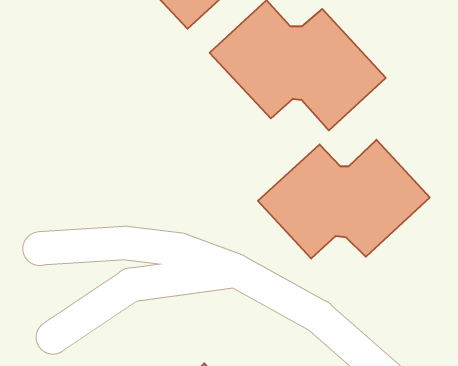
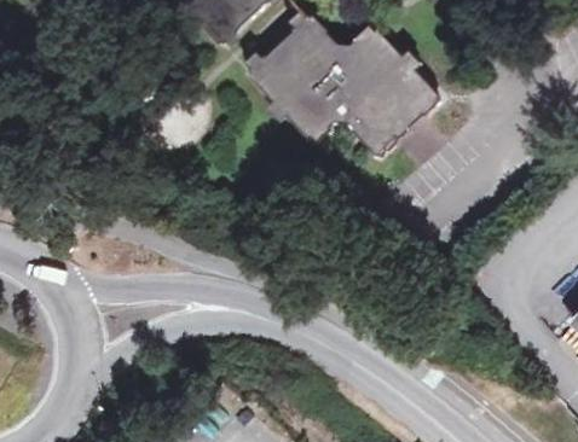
building: [258,140,430,259] -> none

